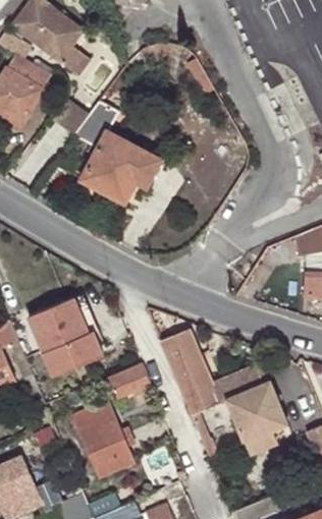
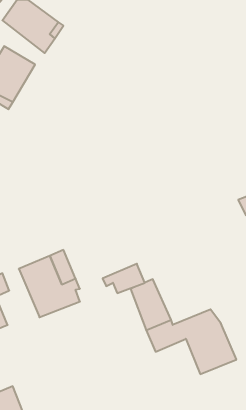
building: [73,102,160,204] -> none
building: [100,364,150,399] -> [103,264,145,293]
building: [71,401,135,478] -> none

